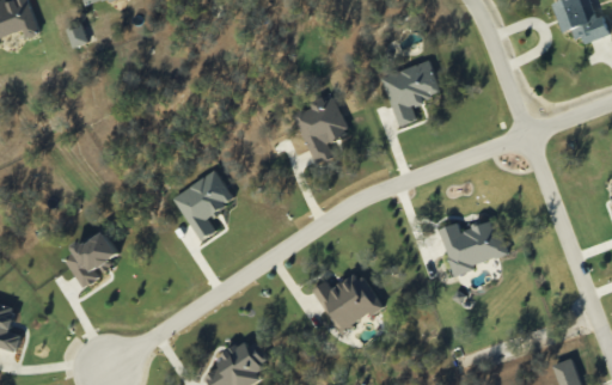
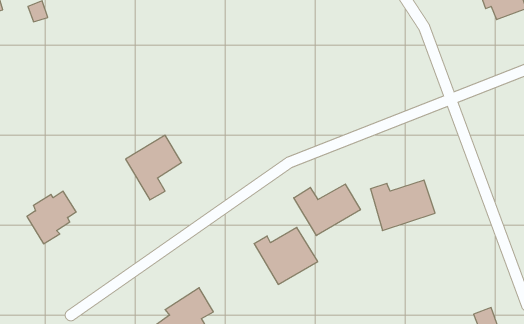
building: [380,59,440,126] -> none
building: [292,93,349,164] -> none
building: none -> [294,184,360,236]

